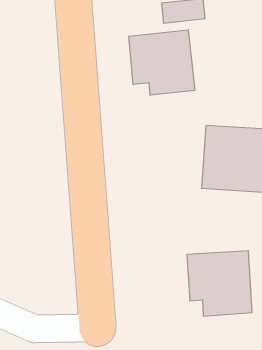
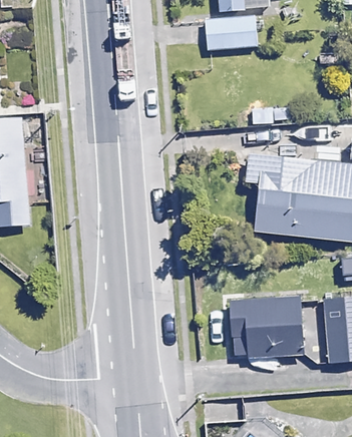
building: [129,30,195,95] -> none

